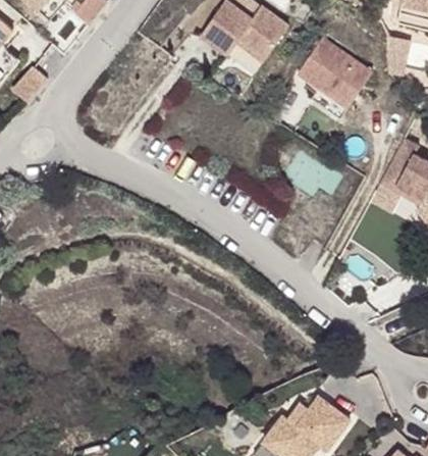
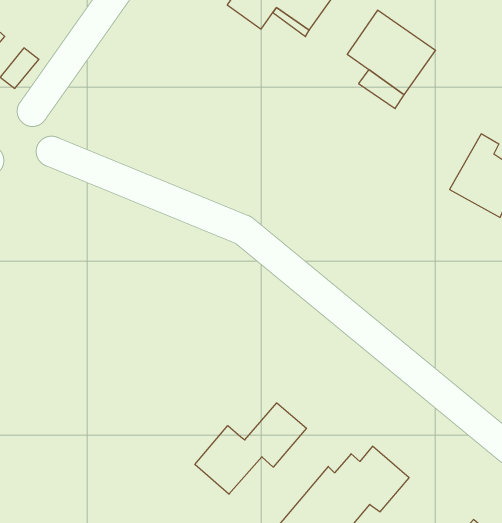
building: none -> [195,403,306,494]

